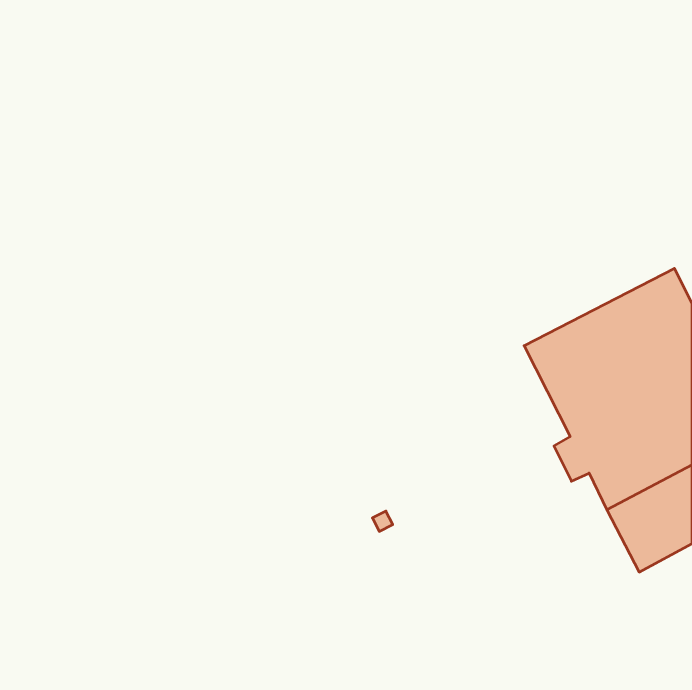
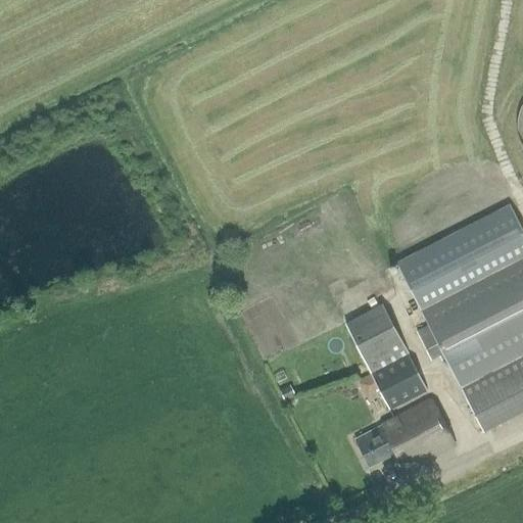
building: none -> [345,302,428,409]
building: none -> [358,398,456,470]

